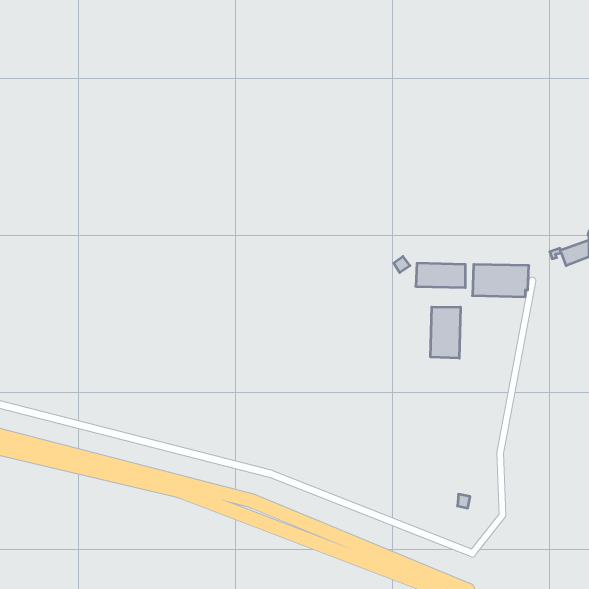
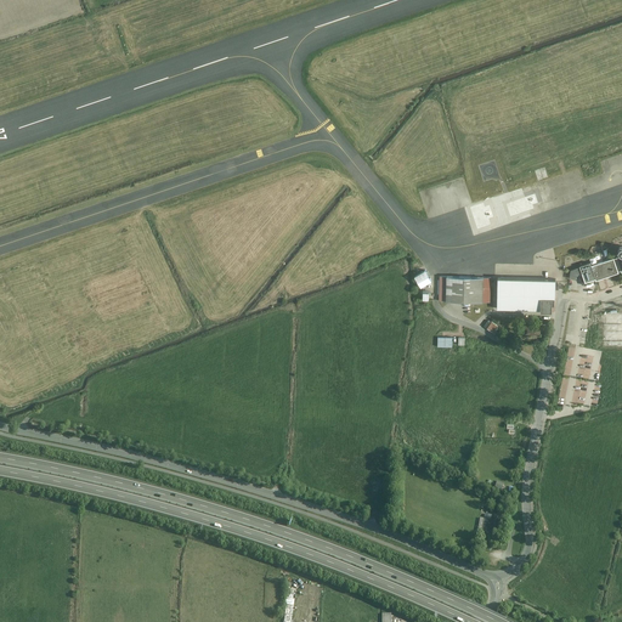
building: [431,307,460,358] -> none

